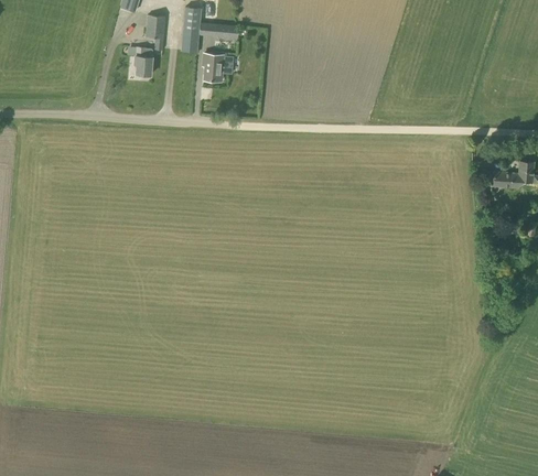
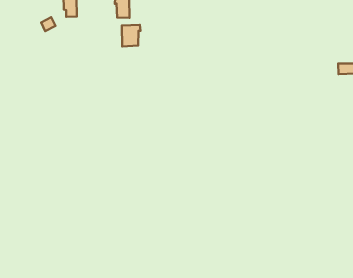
building: none -> [122,25,140,46]

